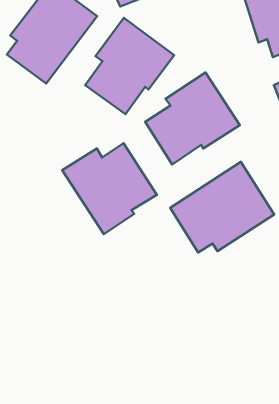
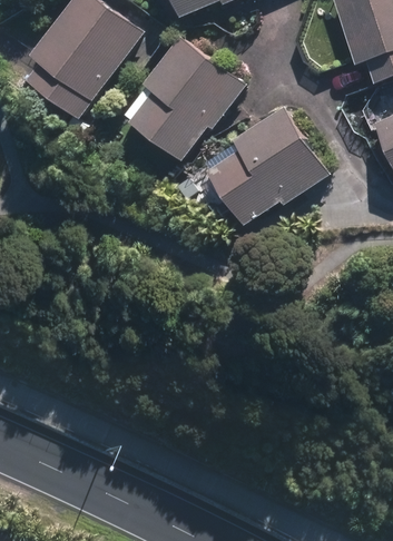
building: [62,143,157,234] -> none
building: [170,162,274,253] -> none

